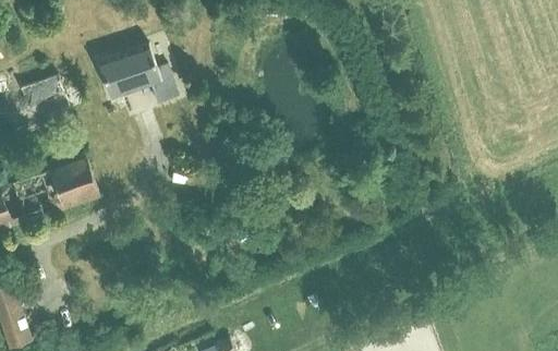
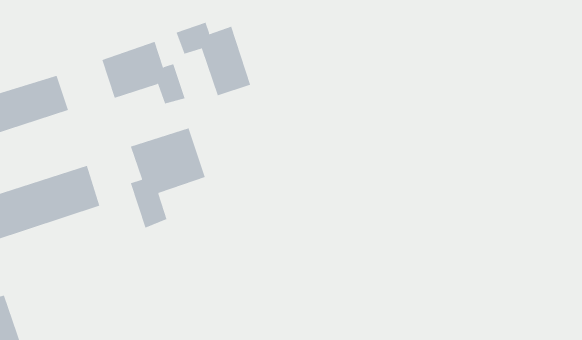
building: none -> [176,22,251,96]
building: none -> [130,128,206,228]

